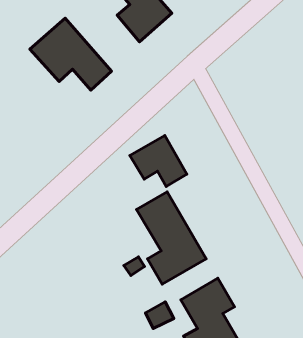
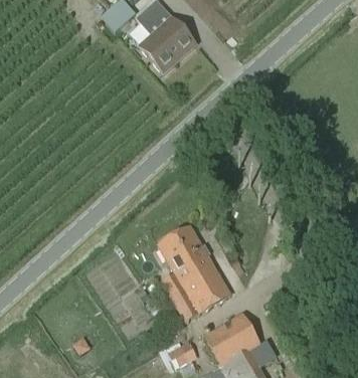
building: [30,18,111,90] -> none
building: [130,135,187,186] -> none

